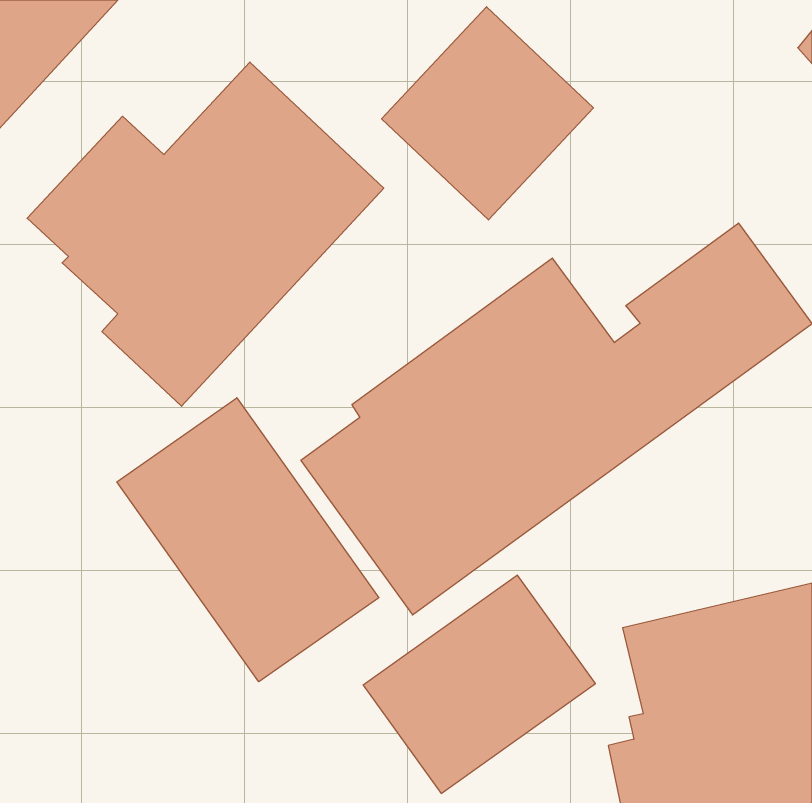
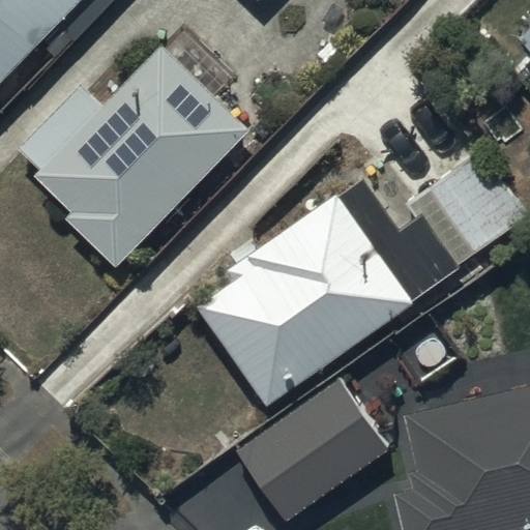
building: [382,7,593,220] -> none
building: [117,398,379,682] -> none

